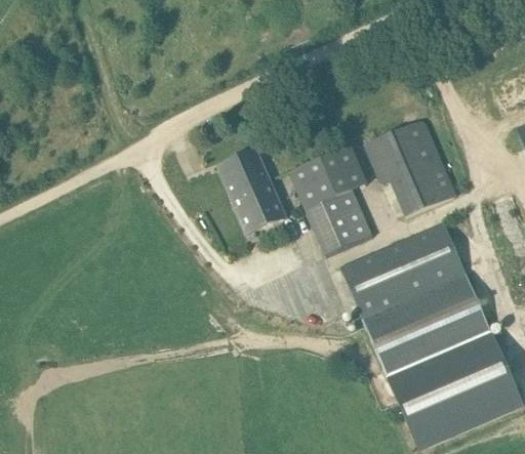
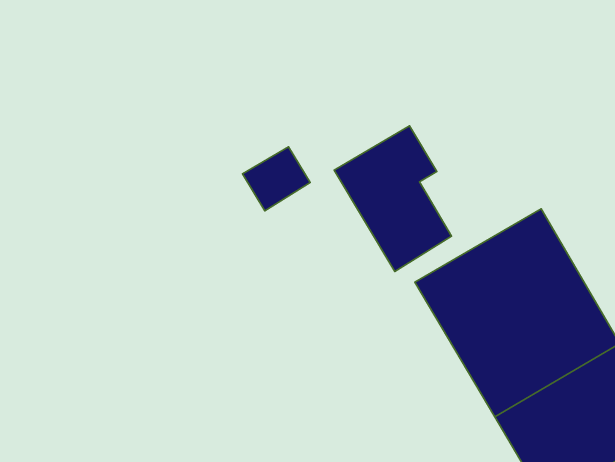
building: [364,120,455,216] -> none
building: [231,179,285,234] -> none

